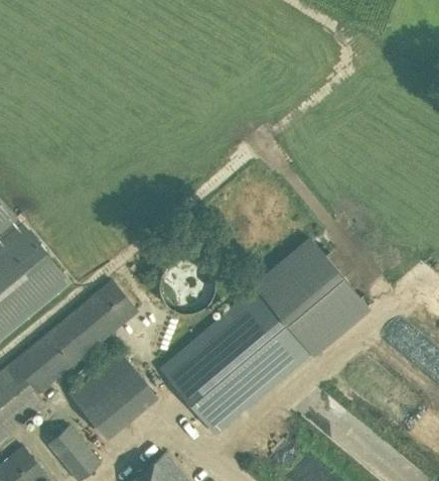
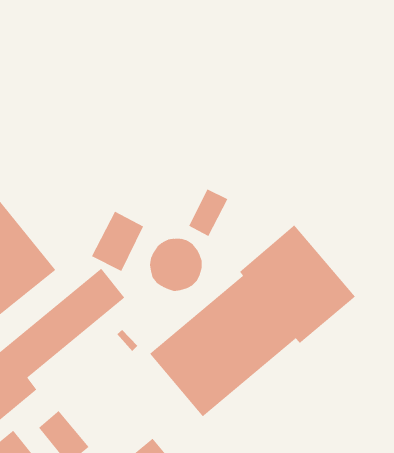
building: none -> [189,189,228,237]
building: none -> [91,211,144,272]
building: [69,354,151,434] -> none

